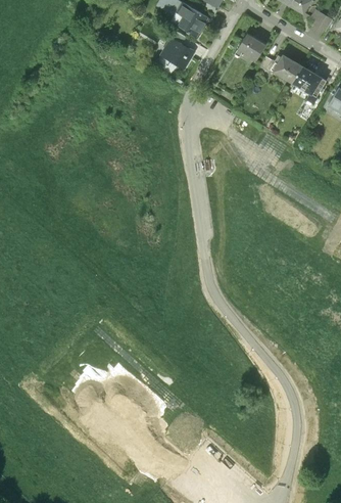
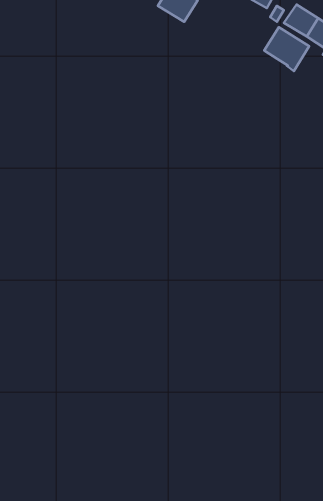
building: none -> [264,27,309,71]

